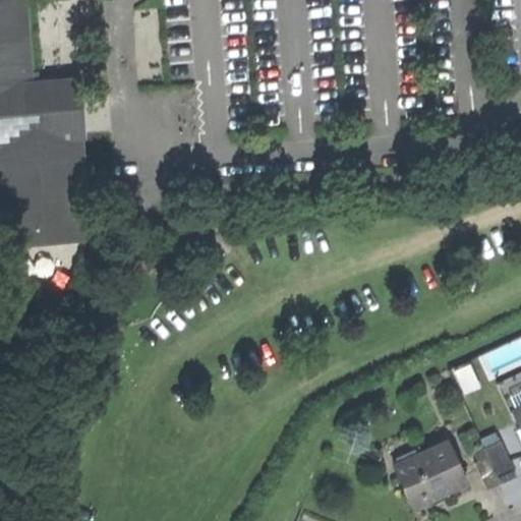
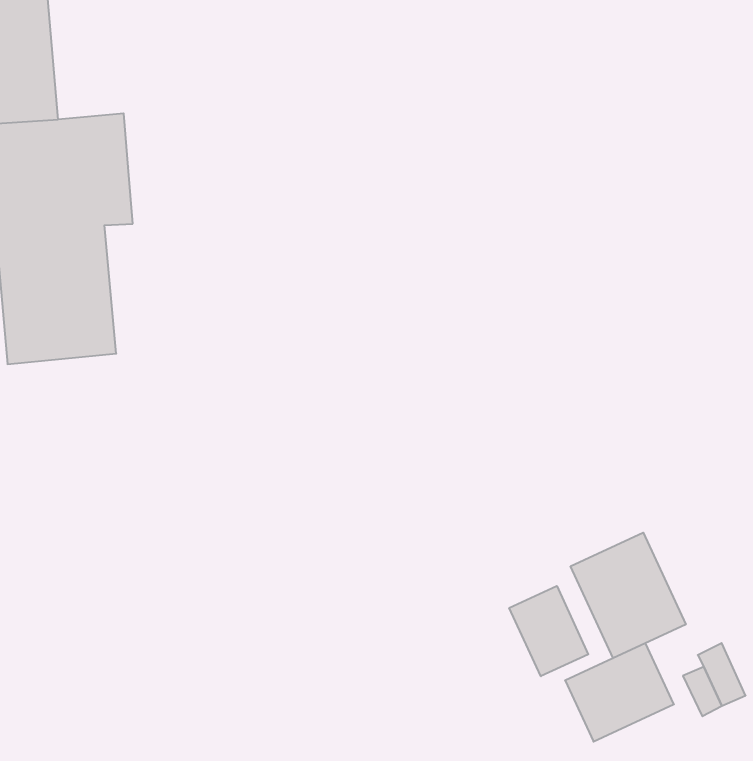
building: none -> [571,533,686,658]
building: none -> [509,586,588,676]

